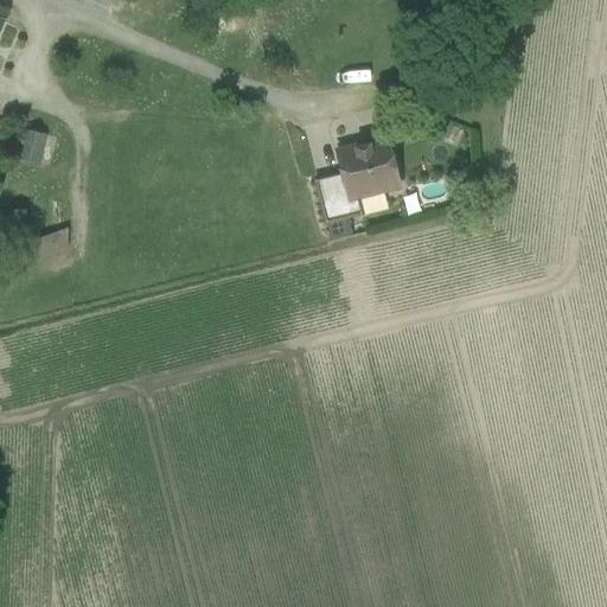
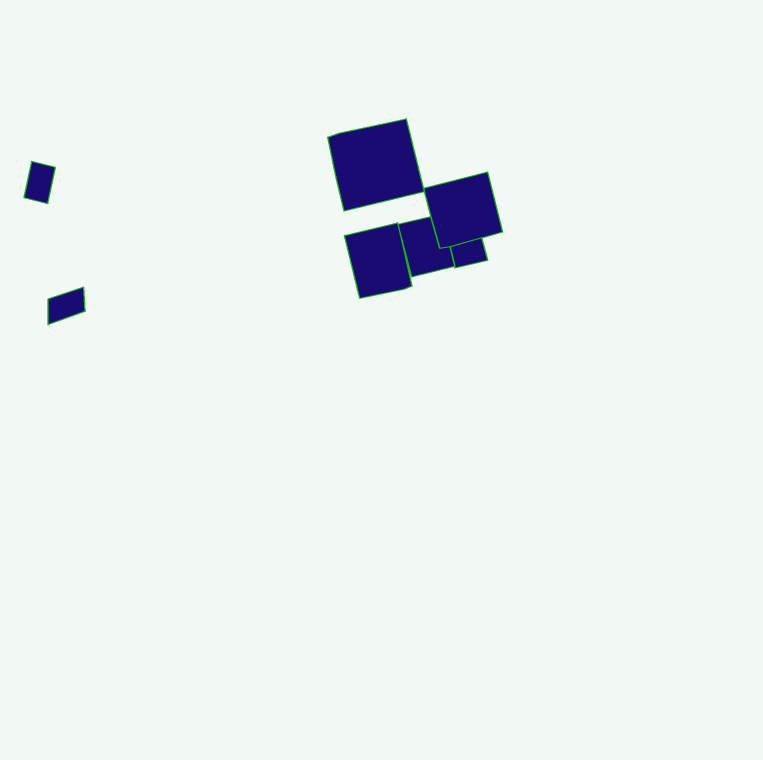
building: none -> [328,119,424,211]
building: none -> [345,223,412,298]

